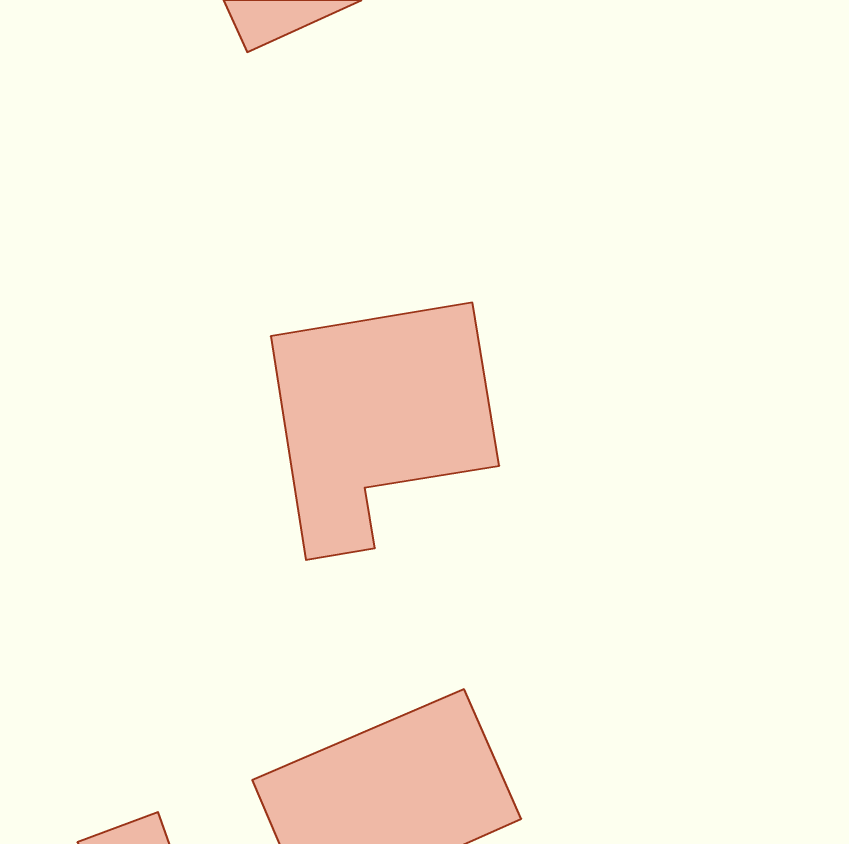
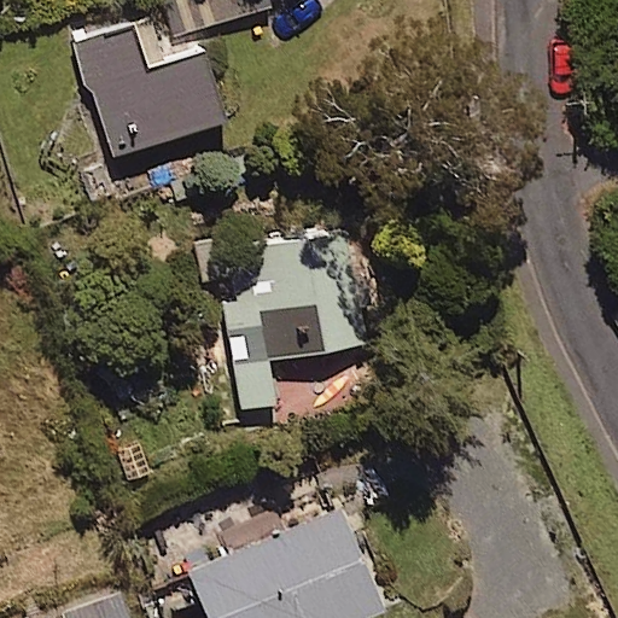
building: none -> [75,19,228,163]

